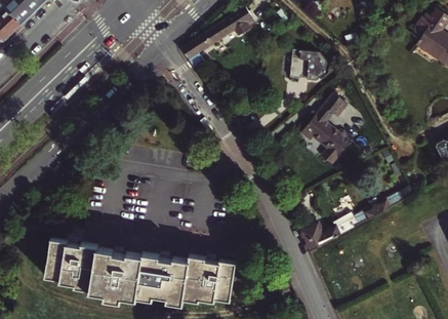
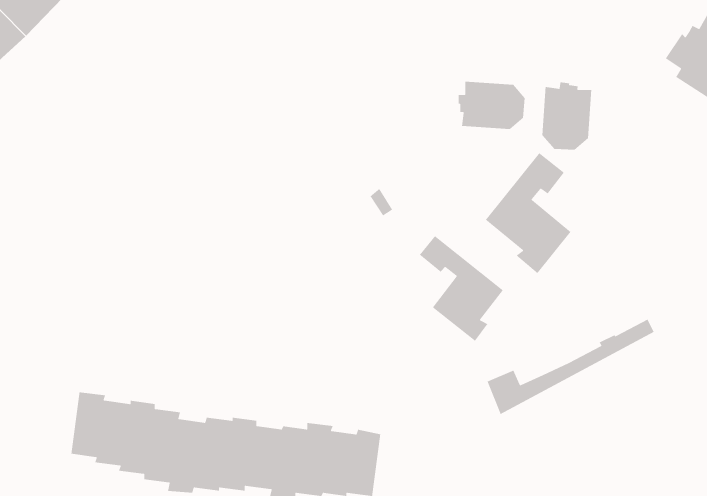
building: [181,7,254,61] -> none
building: none -> [541,81,592,150]
building: none -> [419,235,504,342]

